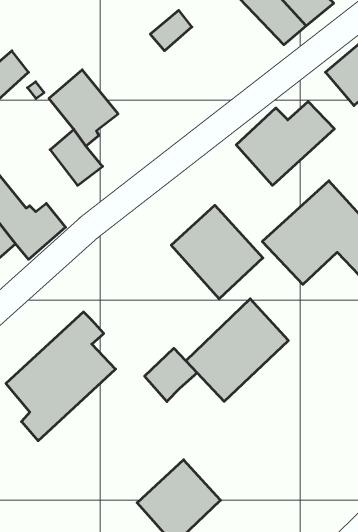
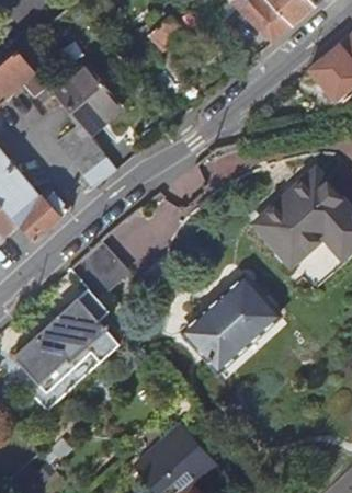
building: [236,102,334,185] -> none
building: [171,205,263,299] -> none
building: none -> [68,243,122,297]
building: [145,348,197,402] -> none

